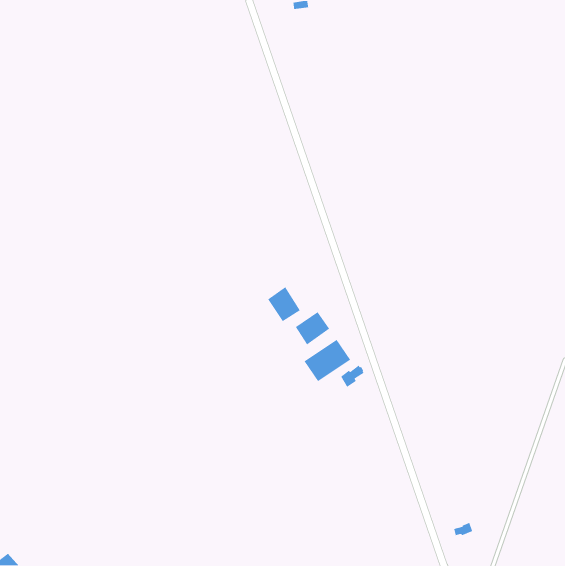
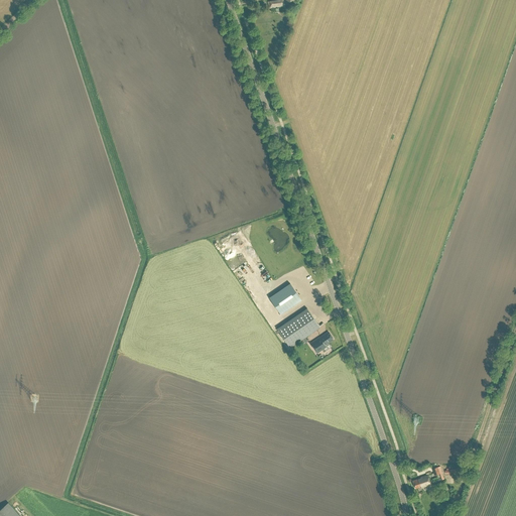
building: [267,286,301,322] -> none

